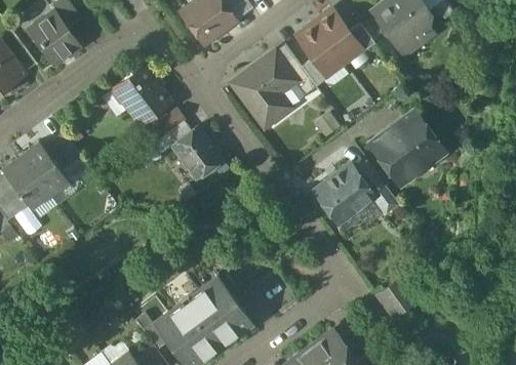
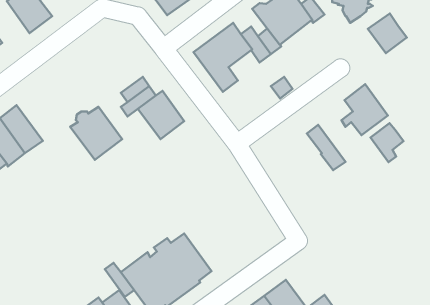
building: none -> [368,14,407,53]
building: [113,67,169,124] -> [70,107,122,160]
building: [369,129,405,171] -> [371,123,404,162]
building: [314,164,371,224] -> none
building: [382,280,414,317] -> none

